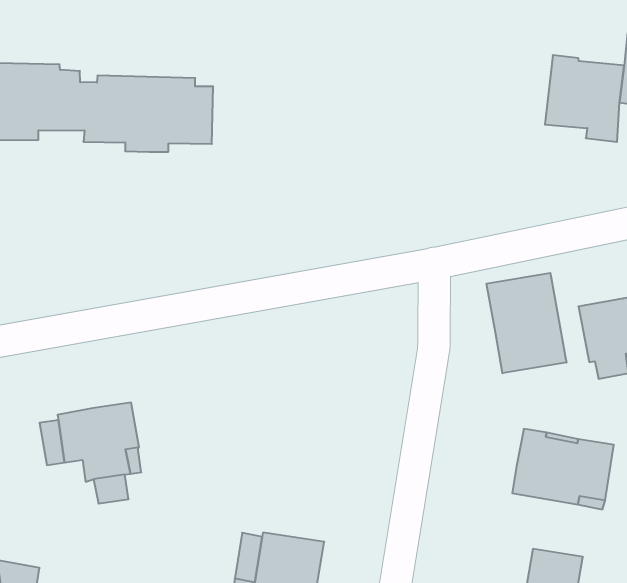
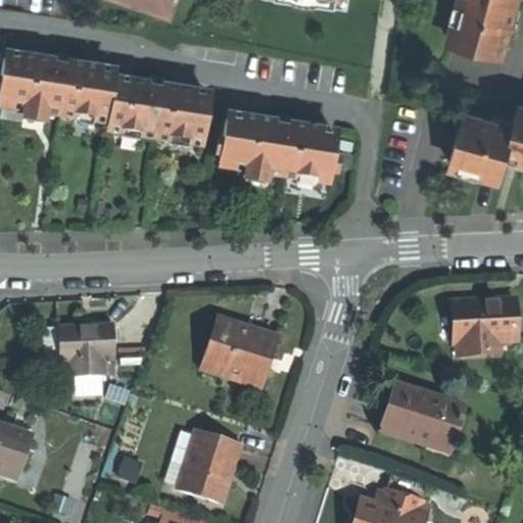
building: none -> [220,116,336,181]
building: [486,273,566,373] -> none
building: none -> [204,317,280,386]

